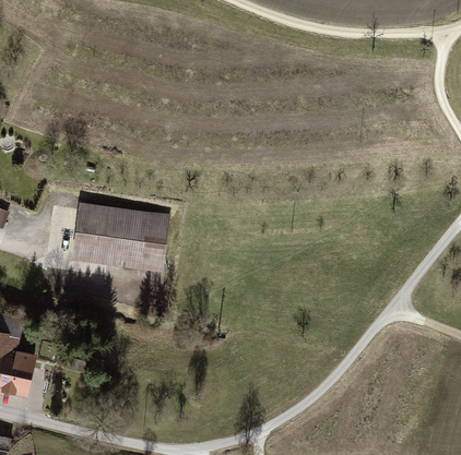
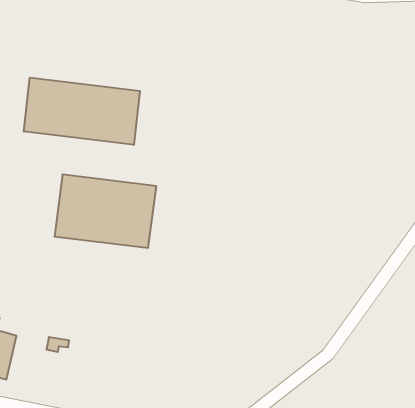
building: none -> [24,78,140,145]

